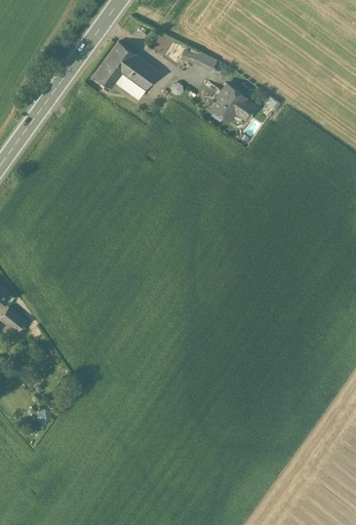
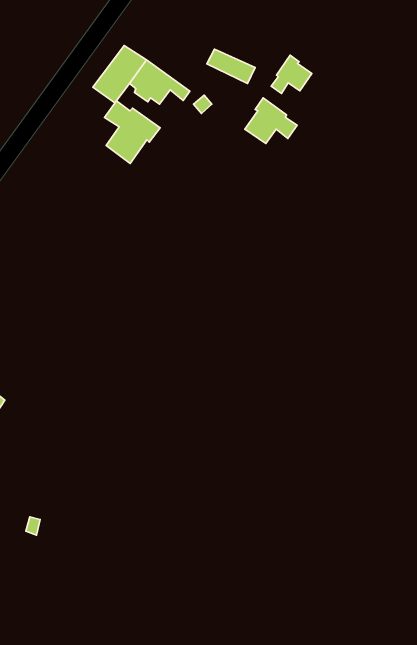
building: none -> [271,55,312,93]
building: none -> [105,101,160,163]

